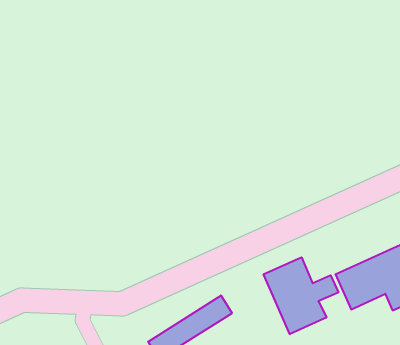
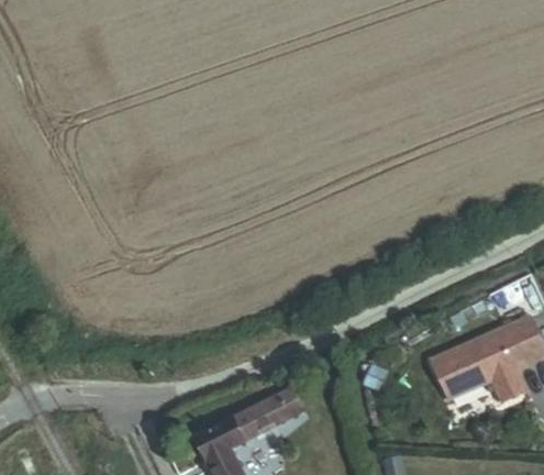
building: [264,257,338,334] -> none

